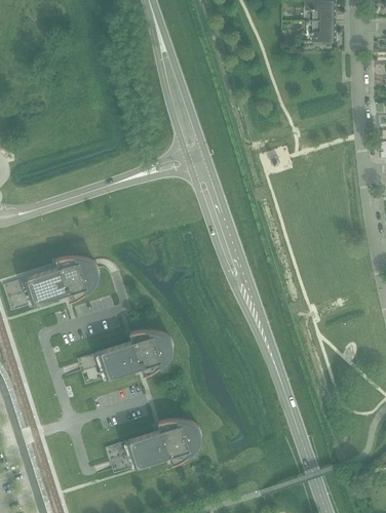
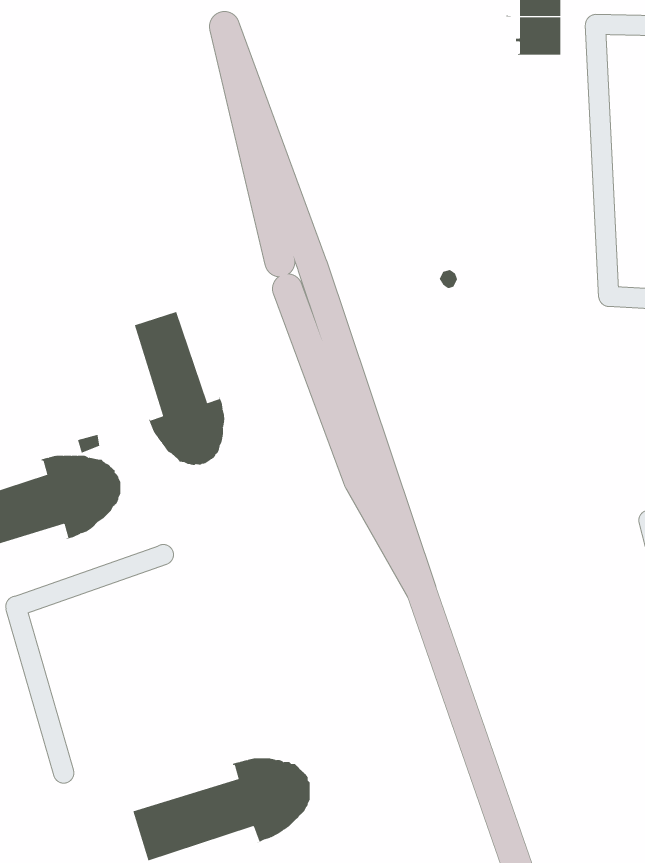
building: none -> [134,311,225,466]
building: [77,329,173,384] -> none

